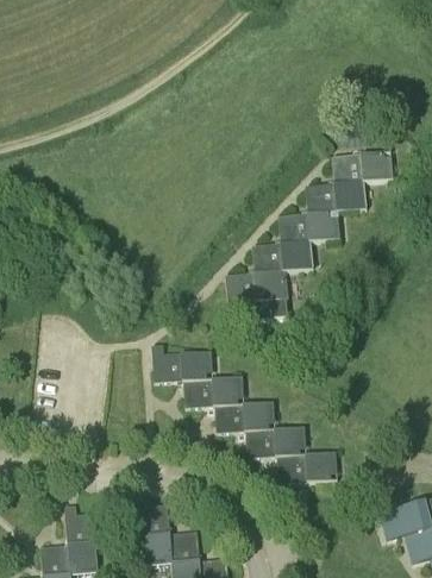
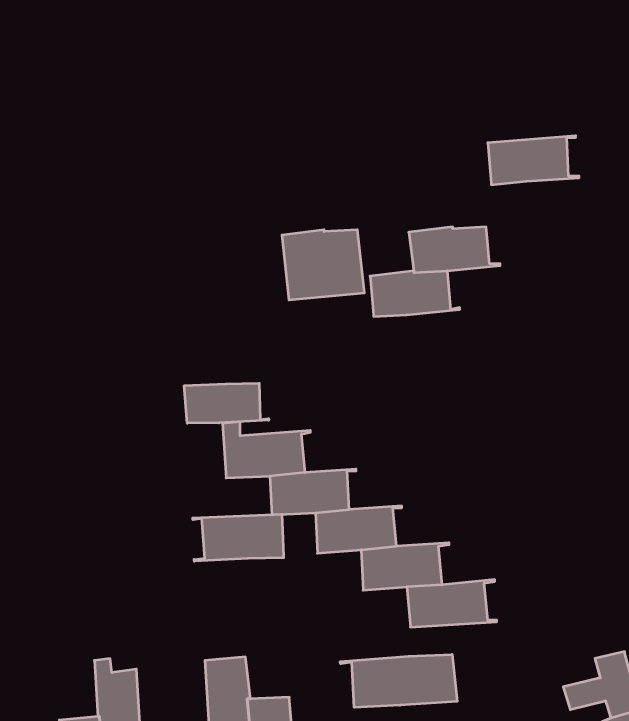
building: [306,181,367,213] -> none
building: [226,271,282,319] -> [282,230,364,300]
building: none -> [184,383,269,423]
building: none -> [193,514,284,561]
building: none -> [340,654,457,707]

